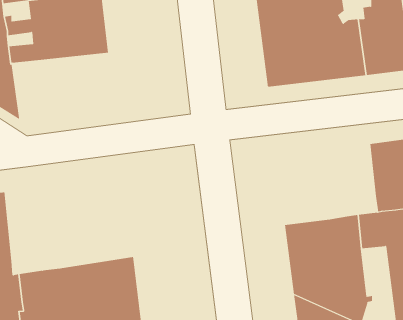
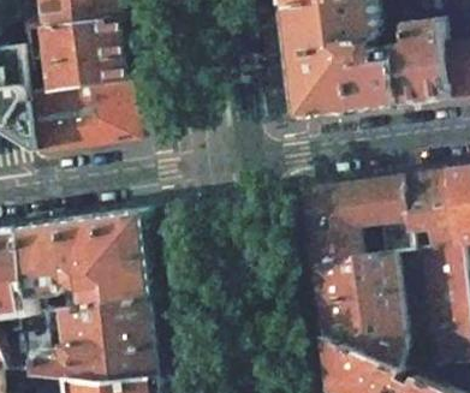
building: none -> [23,81,132,153]
building: none -> [302,177,409,262]
building: none -> [16,210,151,315]

